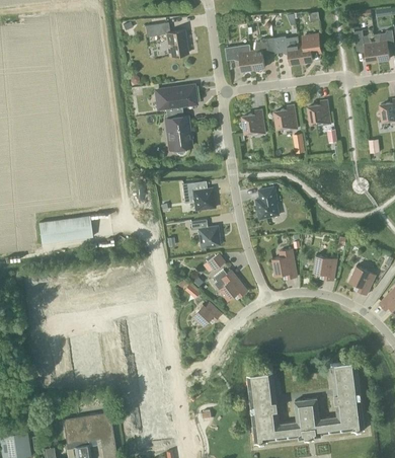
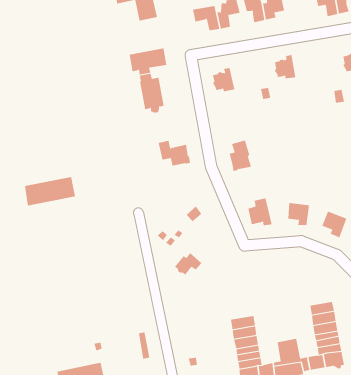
building: [275,104,299,130] -> none
building: [191,219,221,247] -> none
building: [214,269,247,300] -> none

